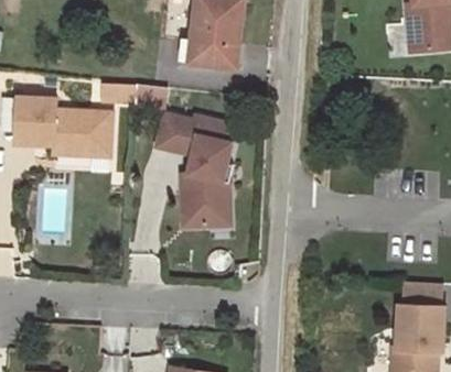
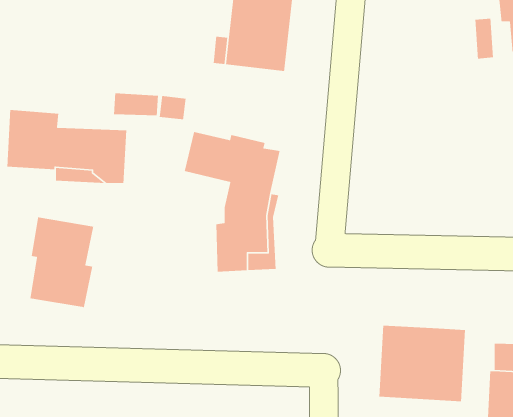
building: none -> [29,216,94,308]
building: none -> [379,325,466,402]

